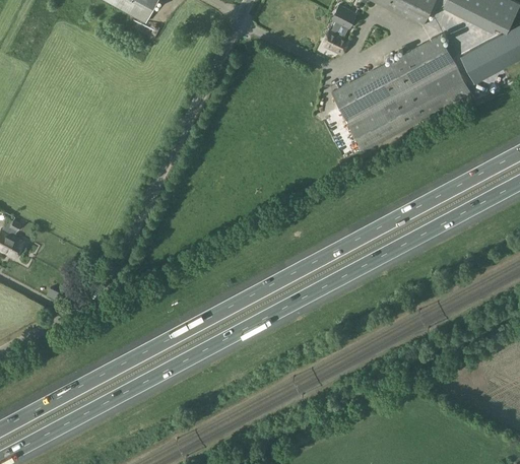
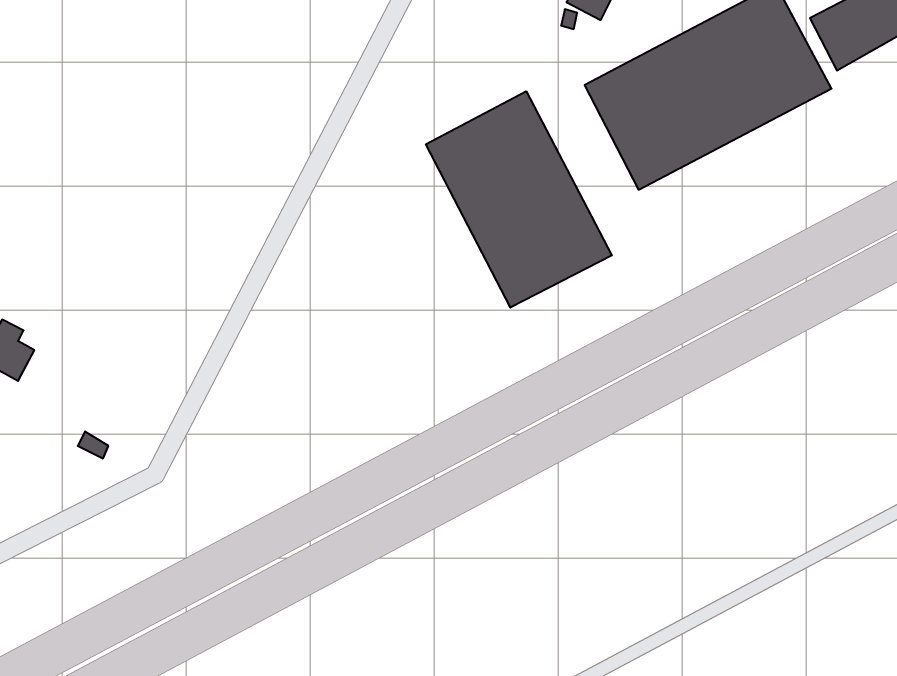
building: none -> [426,91,612,308]

